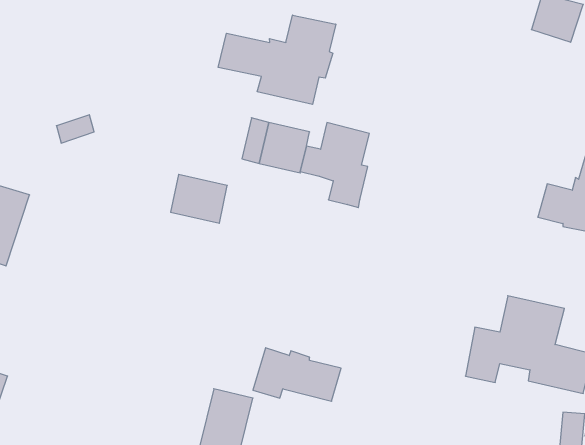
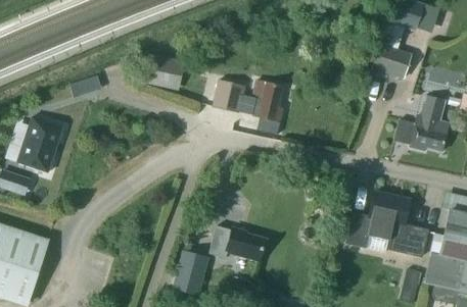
building: [218,15,336,104] -> none
building: none -> [372,27,412,78]
building: [171,174,227,223] -> [144,56,181,88]

